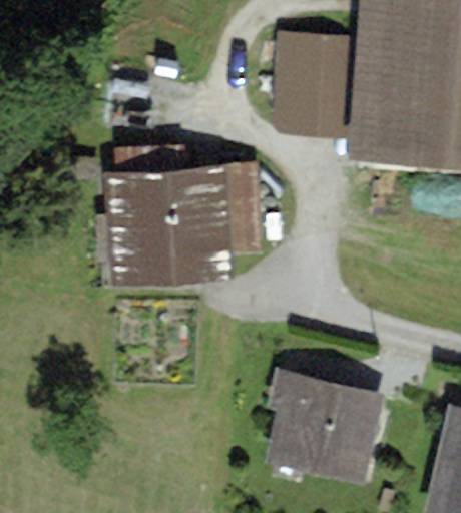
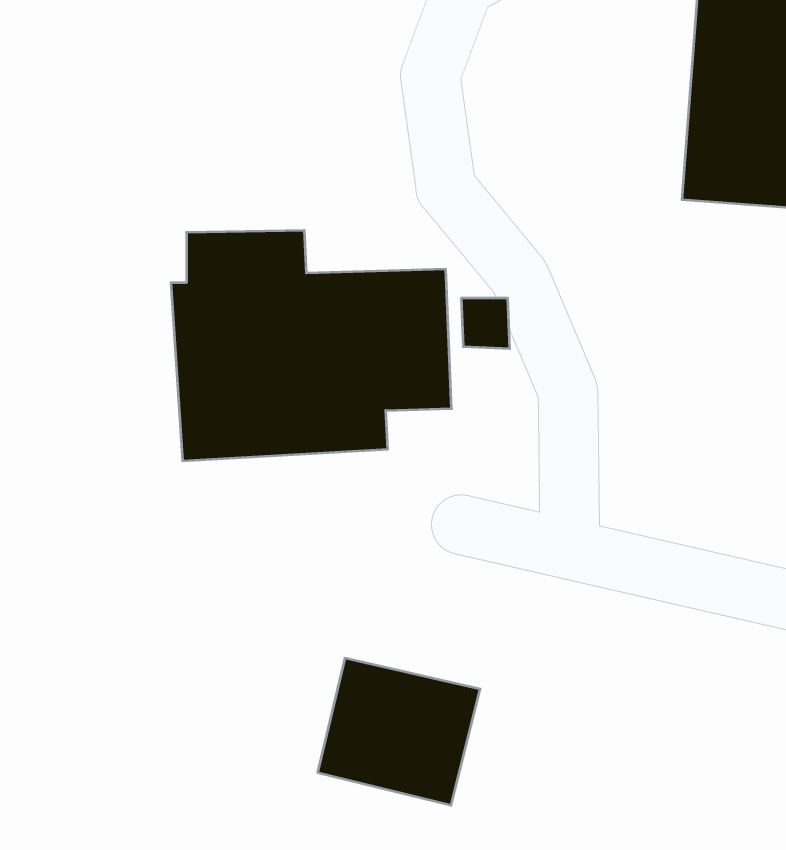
building: [274,45,355,130] -> none
building: [278,391,362,467] -> [318,658,480,805]

